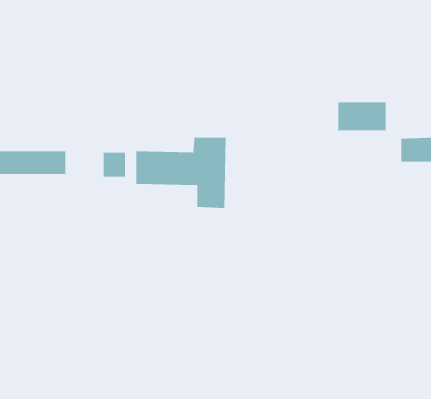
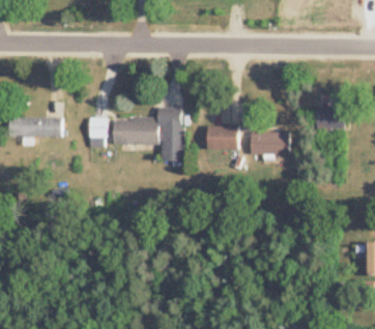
building: [338,101,386,131] -> [251,131,288,154]
building: none -> [207,126,237,149]

